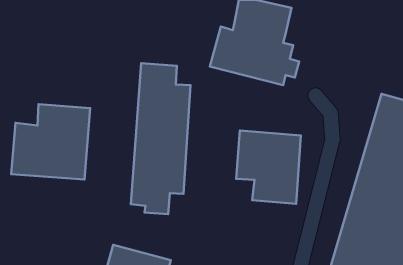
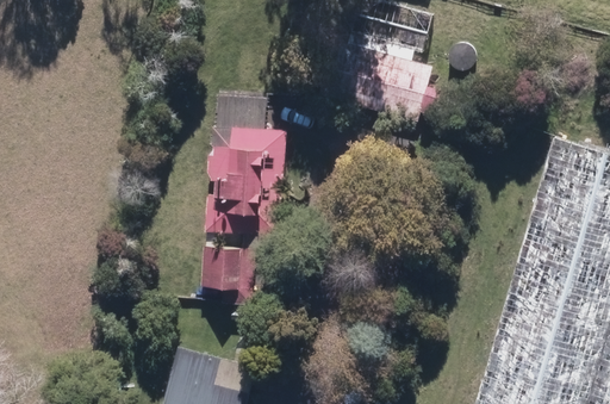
building: [11,104,90,179] -> none
building: [236,131,301,204] -> none

